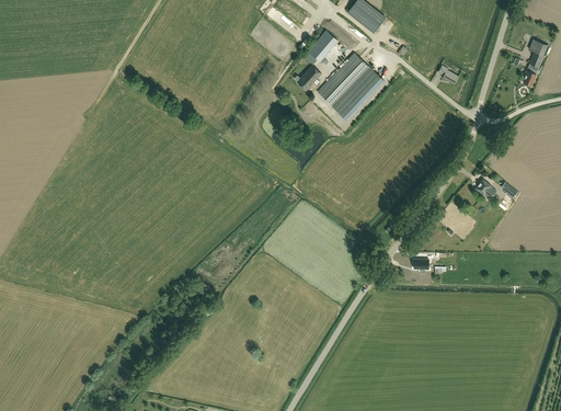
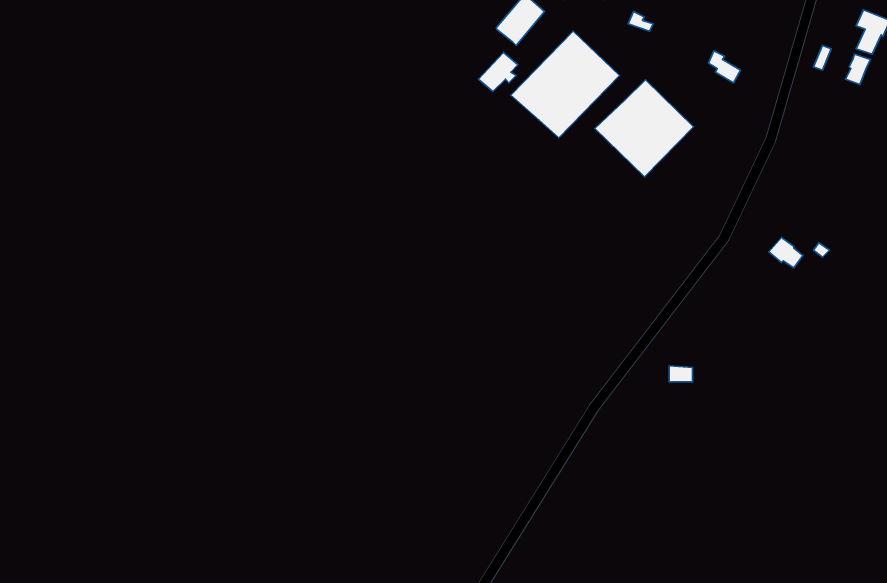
building: none -> [595,80,694,177]

